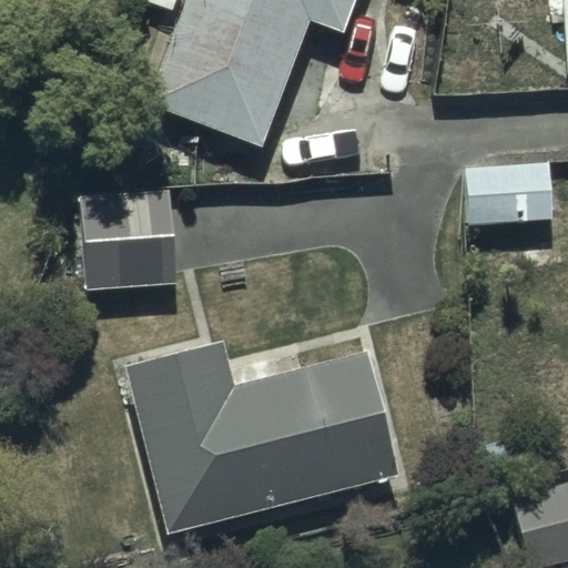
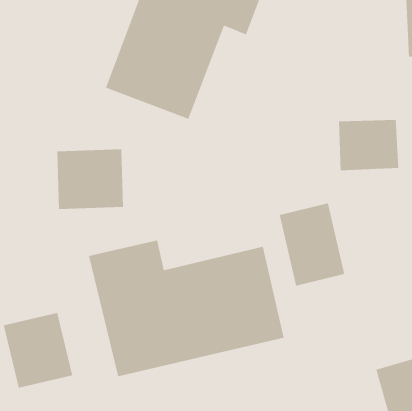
building: none -> [279,202,345,287]
building: none -> [3,312,73,388]

